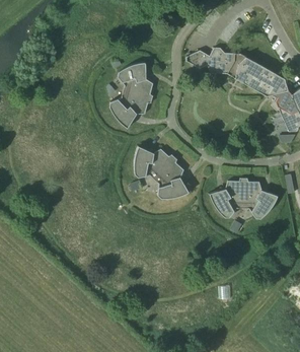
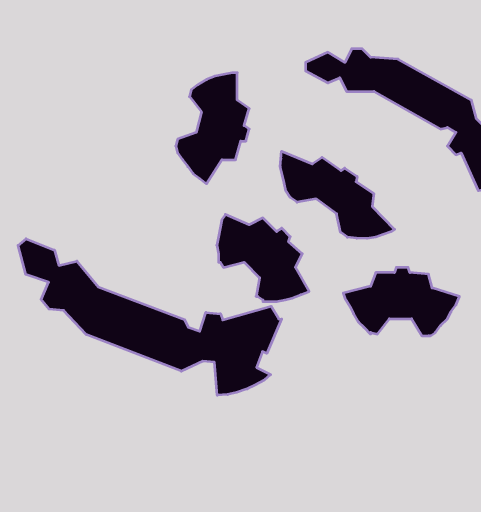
building: none -> [280,151,395,238]
building: none -> [18,239,282,395]

